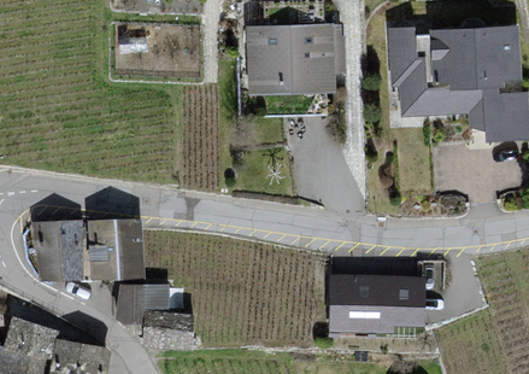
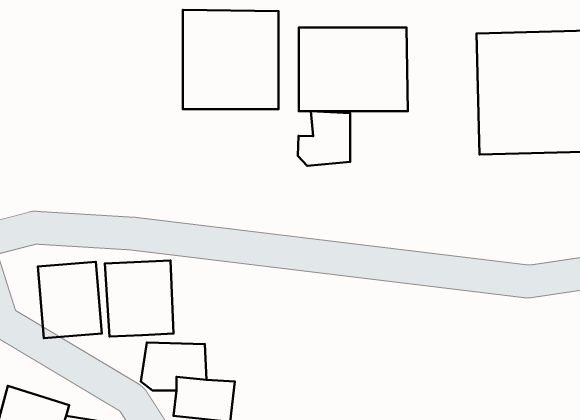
building: none -> [183,10,278,109]
building: none -> [298,111,350,166]
building: [324,271,418,333] -> none

